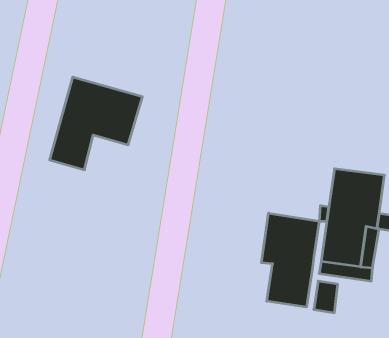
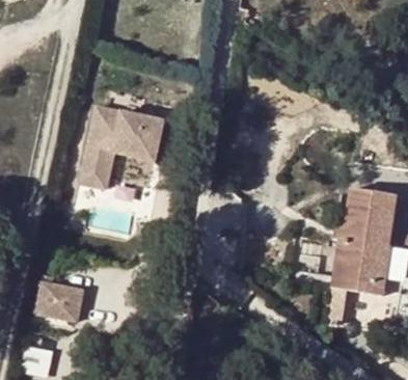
building: [261,213,319,307] -> none
building: none -> [34,279,87,324]

